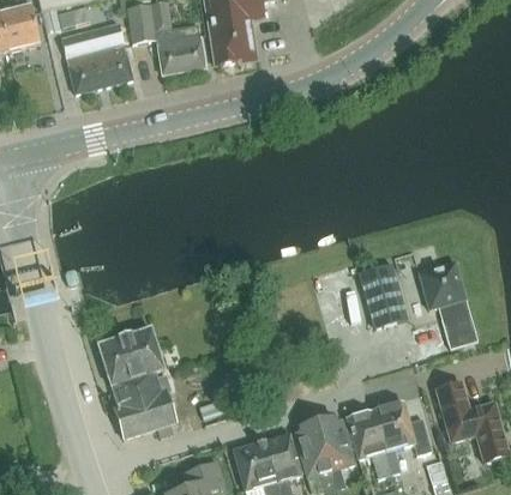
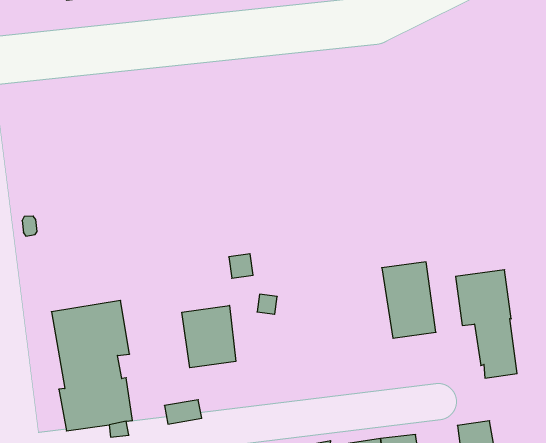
building: none -> [182,305,236,368]

